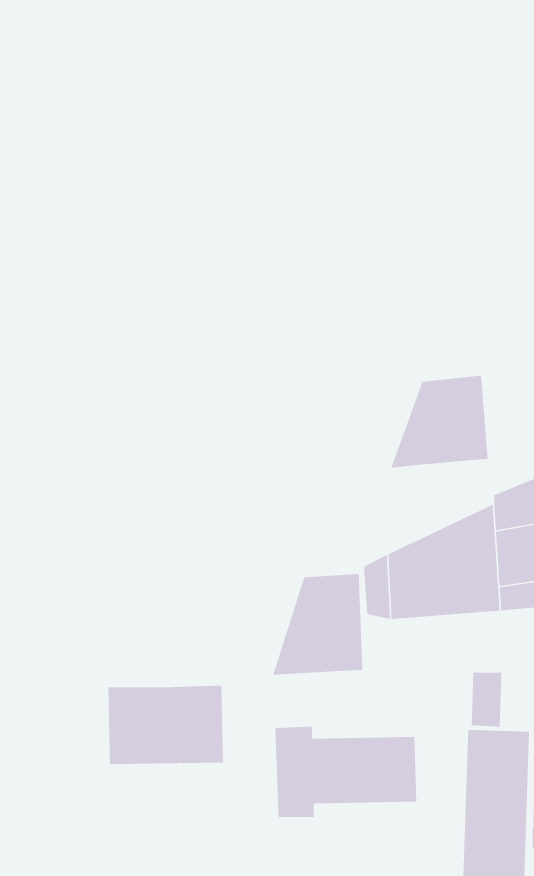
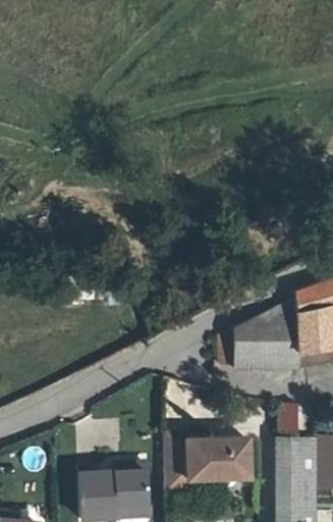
building: [390,375,489,468] -> none
building: [272,573,363,675] -> none
building: [108,685,224,765] -> [80,467,149,514]

